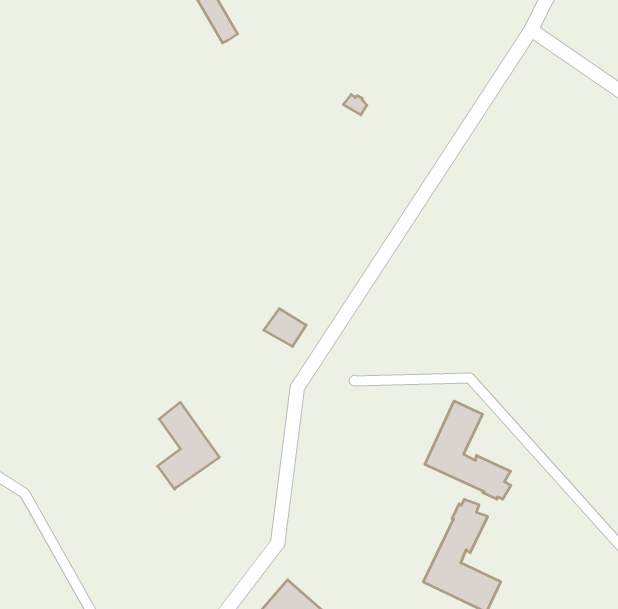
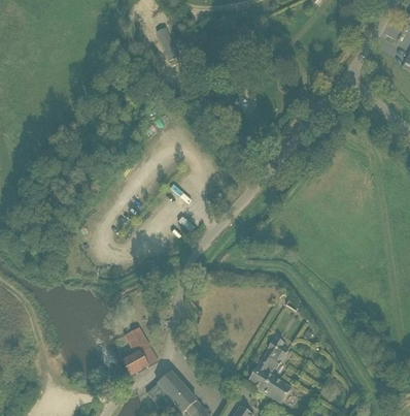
building: [425,401,511,499] -> none
building: [157,402,219,489] -> [122,326,158,376]

